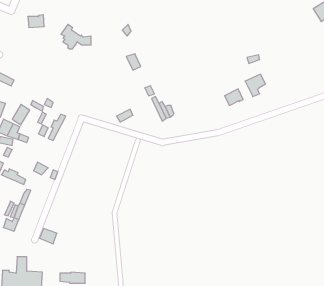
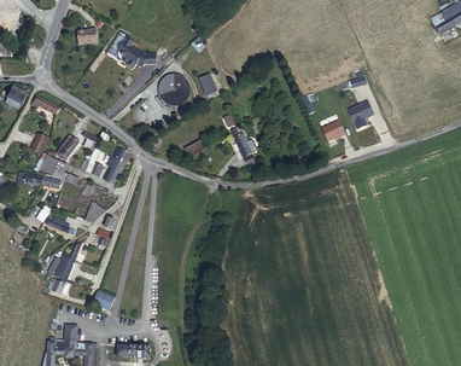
building: none -> [159,77,191,108]

